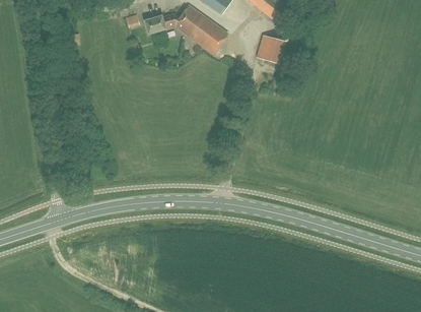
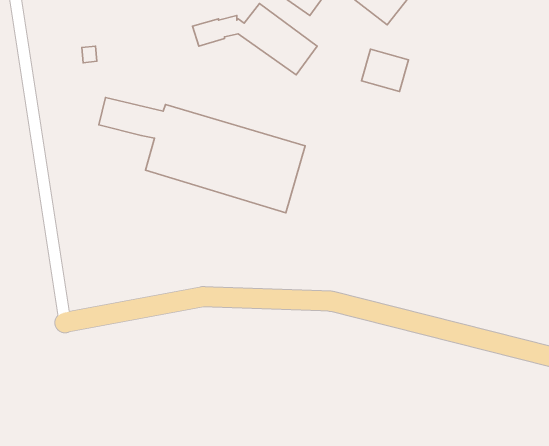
building: none -> [99,98,305,213]

